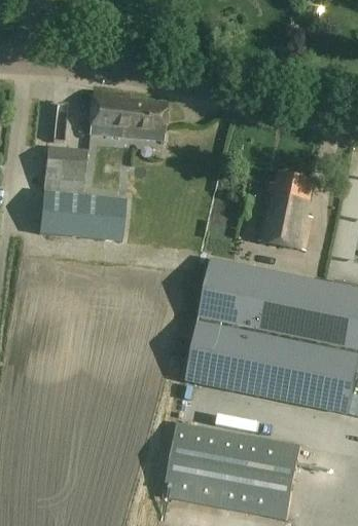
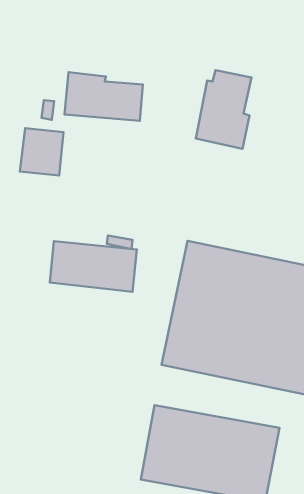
building: [258,171,314,249] -> [196,70,252,149]
building: [38,190,124,240] -> [50,241,137,292]

